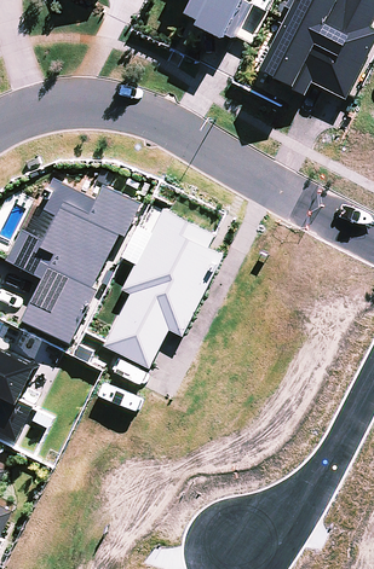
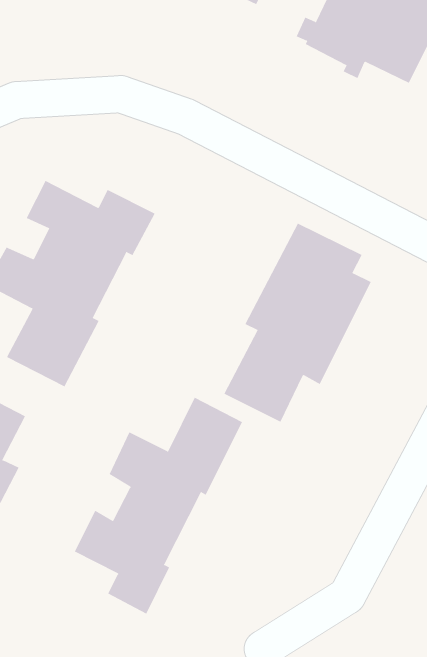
building: [103,208,221,367] -> [223,223,371,423]
building: none -> [74,397,243,615]

